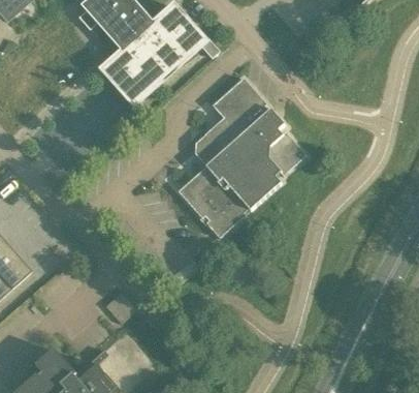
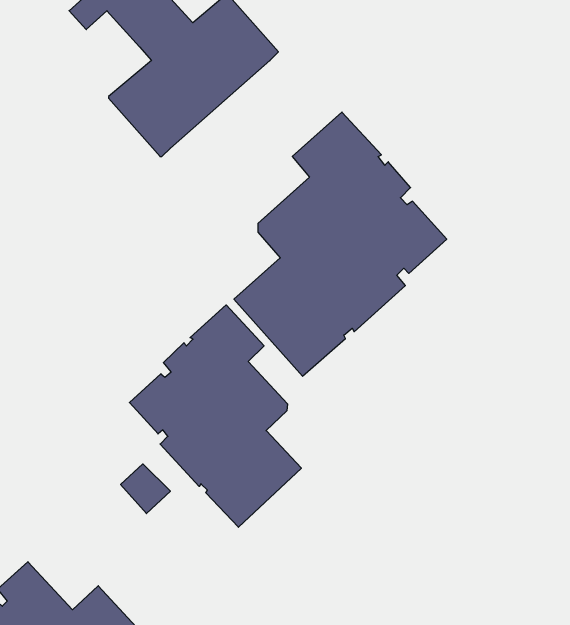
building: none -> [129,305,301,527]

